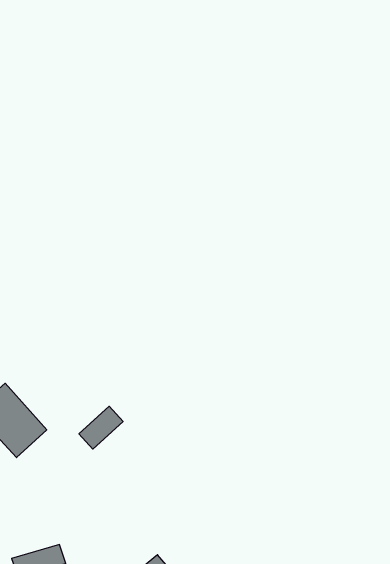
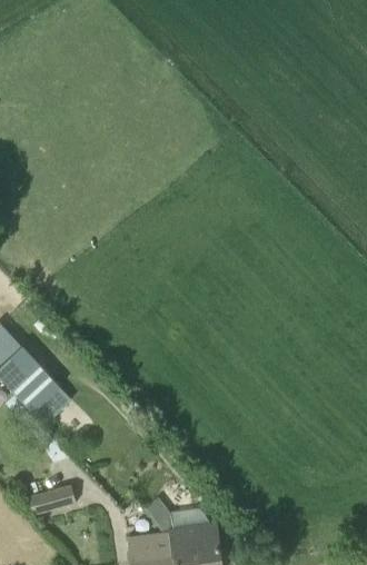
building: [79,406,123,449] -> [32,387,71,425]

